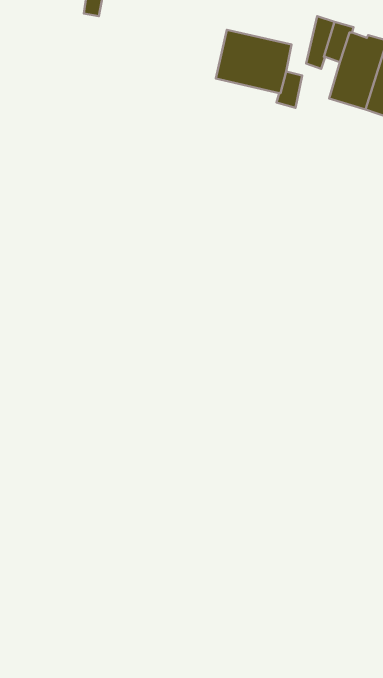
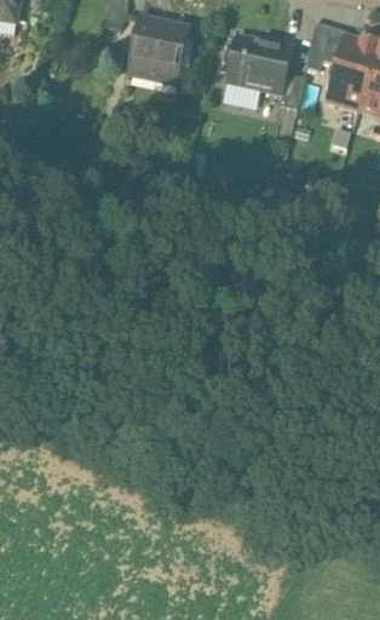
building: none -> [125,13,189,75]

